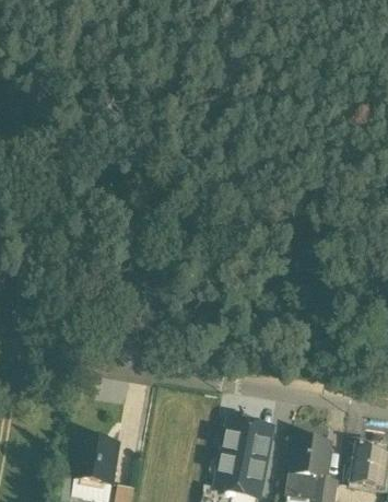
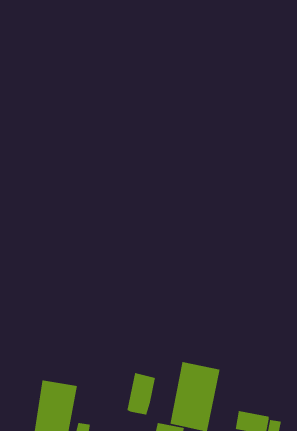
building: none -> [127,372,156,415]
building: [291,439,331,479] -> none

